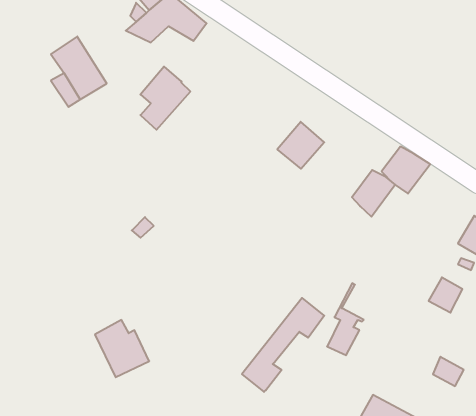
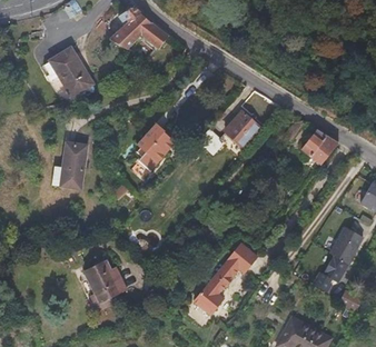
building: [140,67,190,130] -> [137,123,175,171]
building: none -> [52,140,88,187]
building: [352,170,395,217] -> none
building: [327,283,364,355] -> [326,227,354,281]

